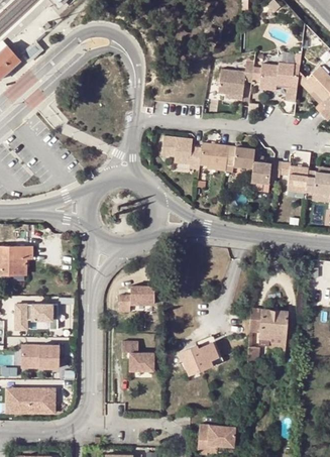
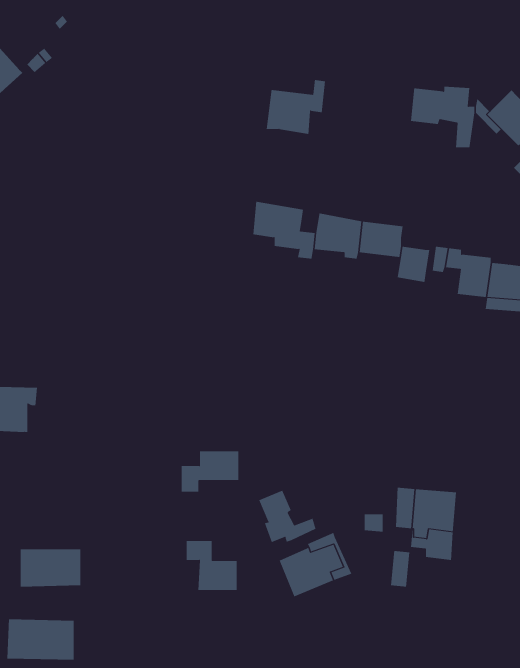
building: [218,63,254,96] -> [266,79,326,134]
building: [15,304,58,330] -> none
building: none -> [258,490,316,543]

